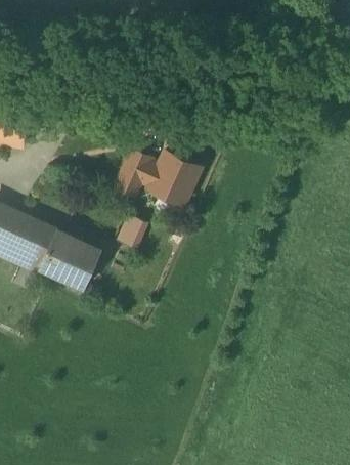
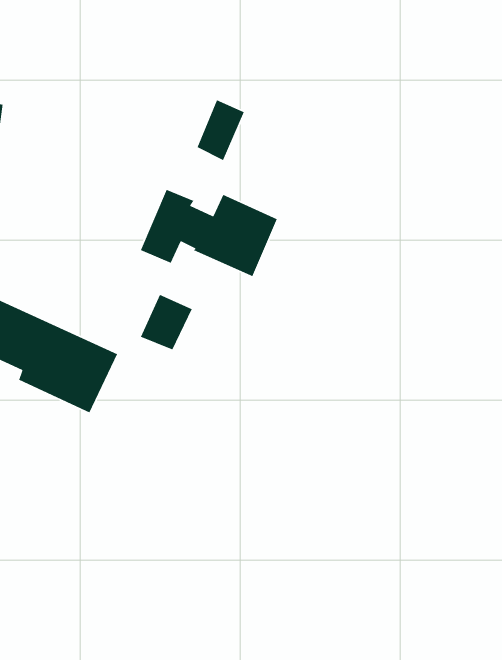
building: none -> [197,99,245,161]

